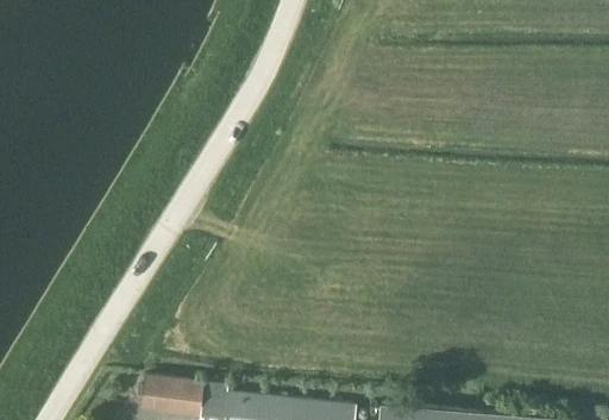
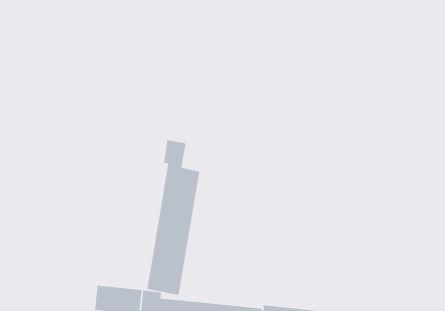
building: none -> [147,139,200,296]

